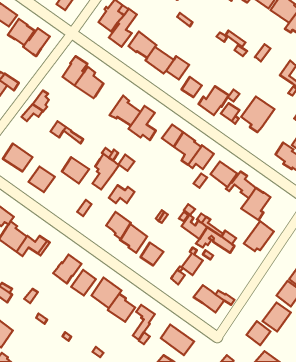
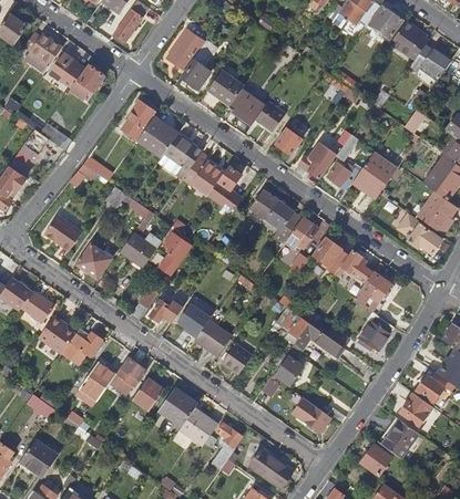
building: none -> [159,132,202,177]
building: [109,185,135,203] -> [149,299,182,322]
building: none -> [79,362,115,401]

